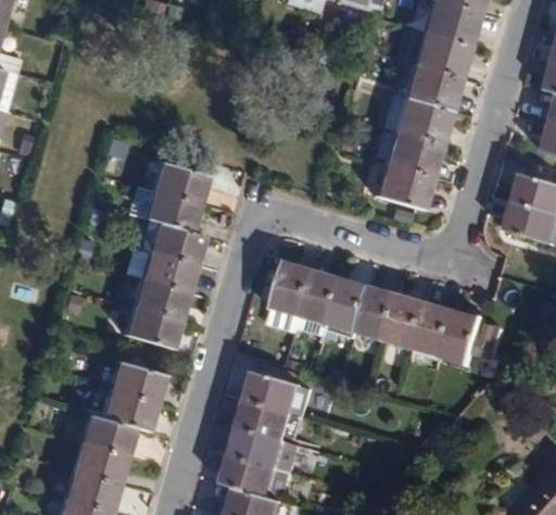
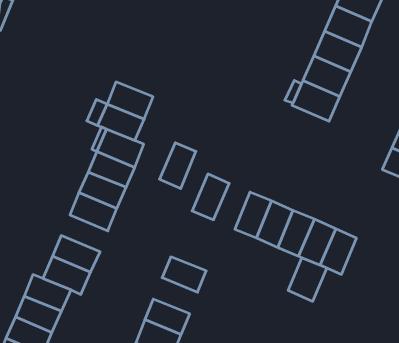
building: [375,164,433,212] -> none
building: [304,272,345,328] -> [159,143,196,189]
building: none -> [288,258,327,301]
building: [241,400,295,441] -> none

